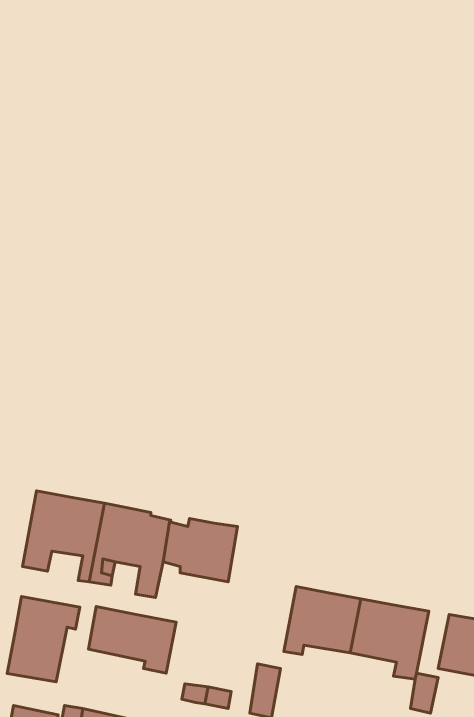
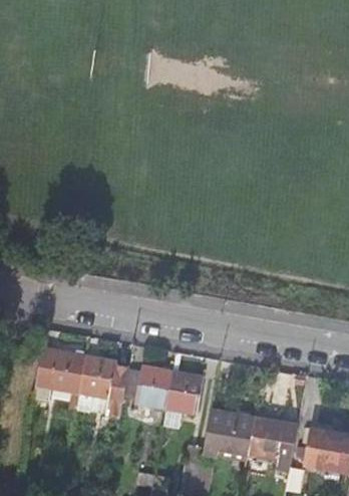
building: none -> [167,371,205,413]
building: [7,597,80,682] -> none
building: [89,607,176,673] -> none

